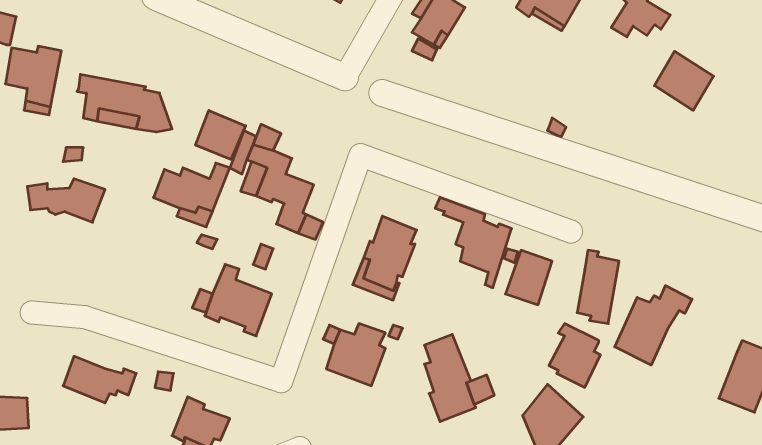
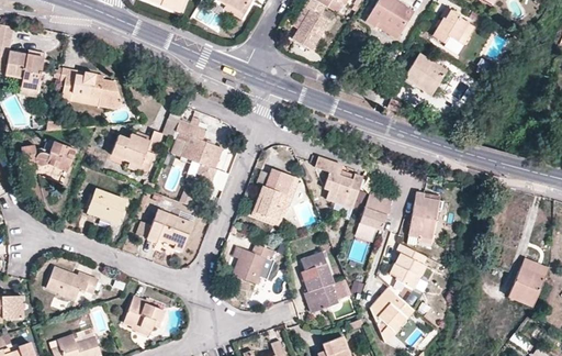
building: [654,51,714,110] -> [406,56,448,98]
building: [196,110,246,159] -> none
building: none -> [86,188,125,224]
building: [615,286,692,365] -> none

